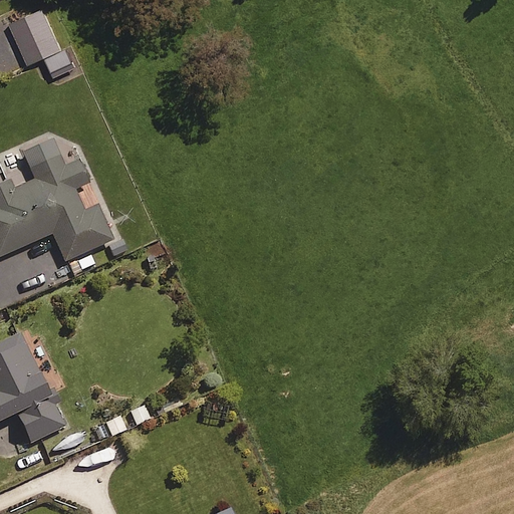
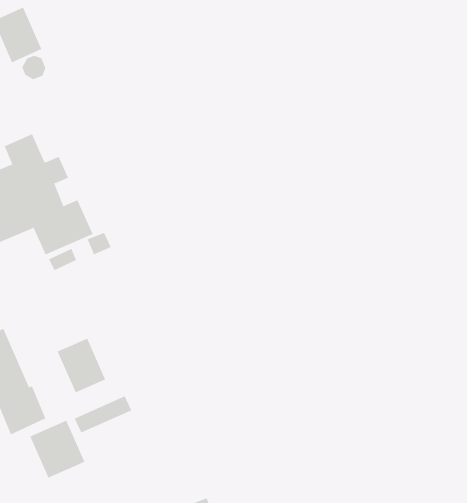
building: none -> [57,338,106,393]
building: none -> [30,420,85,478]

